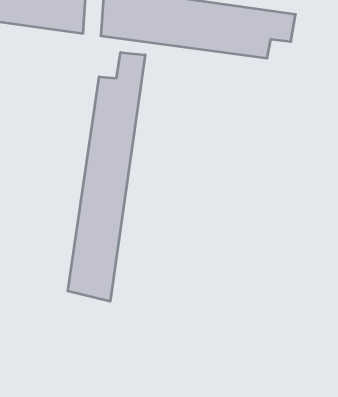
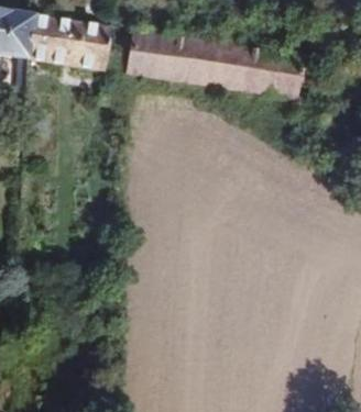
building: [68,52,145,301] -> none

